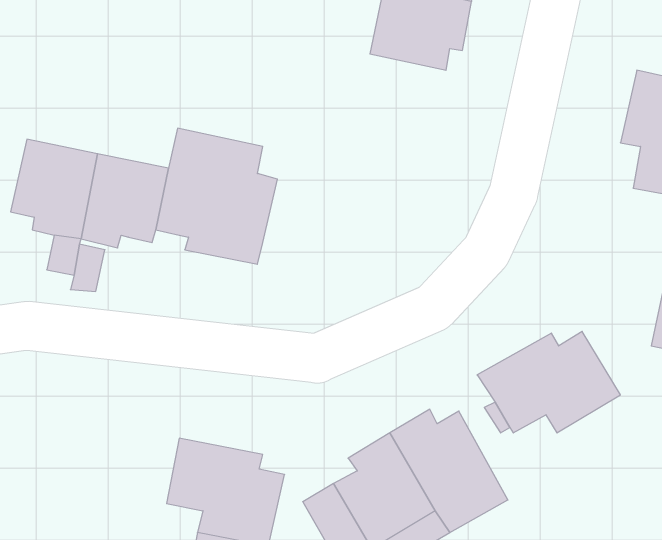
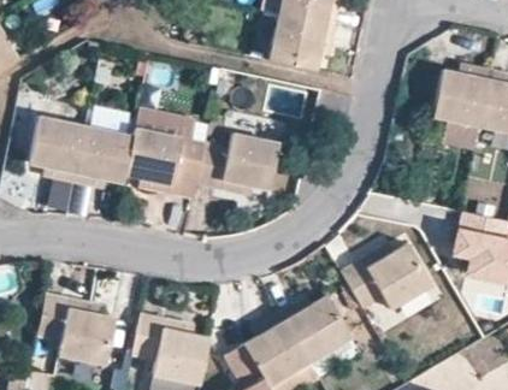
building: none -> [196,130,280,195]
building: none -> [39,296,117,368]

